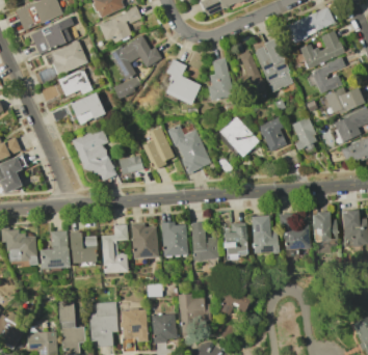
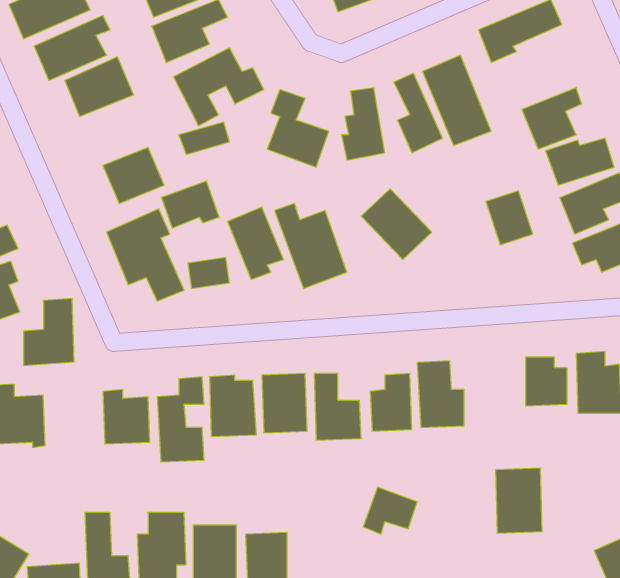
building: [299,30,344,69] -> none
building: [58,70,91,97] -> [161,181,219,228]
building: [259,117,288,152] -> none
building: [282,212,309,249] -> [495,468,542,533]
building: [40,230,69,269] -> [24,299,74,365]
building: [179,293,211,335] -> none

